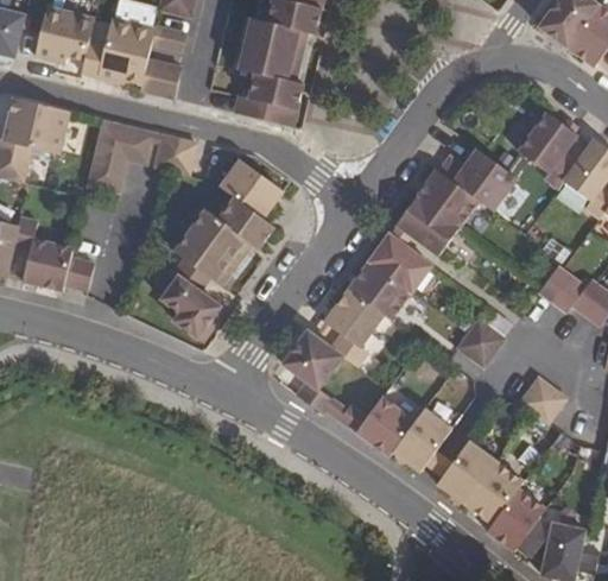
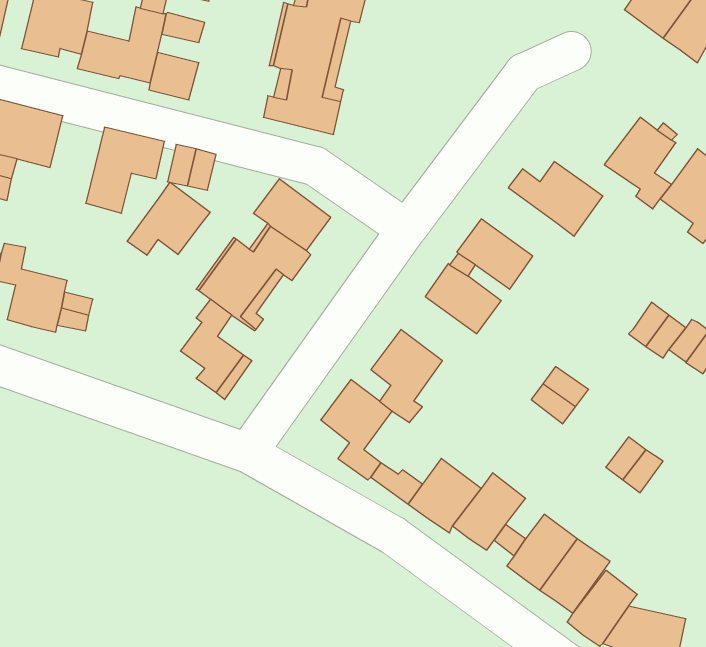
building: none -> [127,182,210,255]
building: [414,169,477,227] -> none
building: [348,260,411,320] -> none

